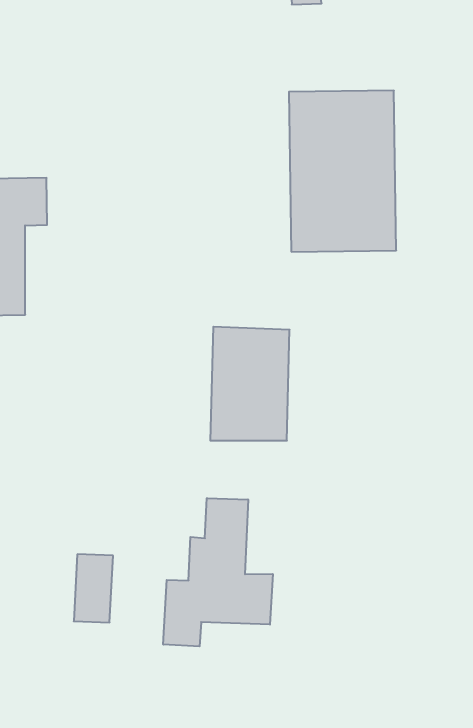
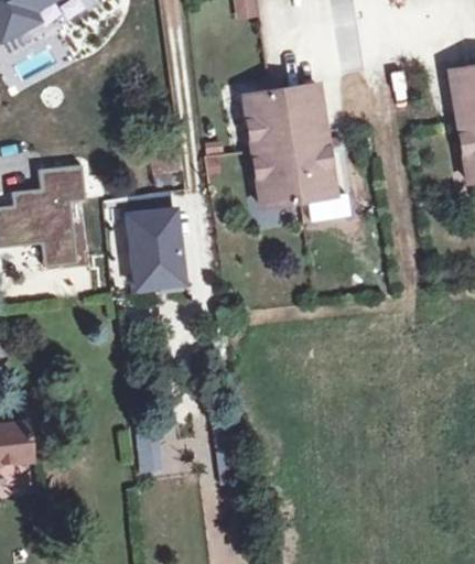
building: [210,327,290,441] -> [131,204,193,289]
building: [163,498,273,646] -> none

